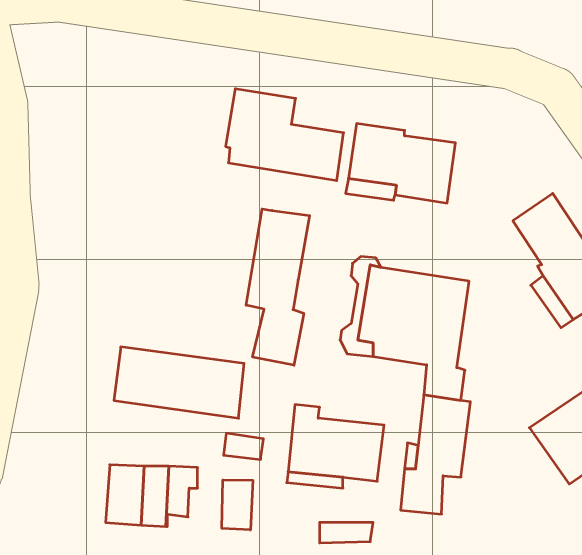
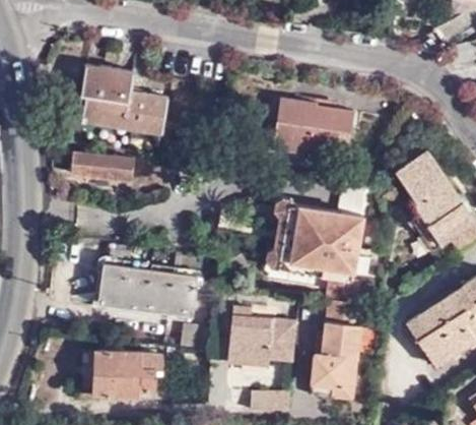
building: [226,89,344,181] -> [79,65,166,133]
building: none -> [70,151,133,179]
building: [246,209,310,365] -> none
building: none -> [312,359,357,401]
building: [222,480,253,530] -> none

